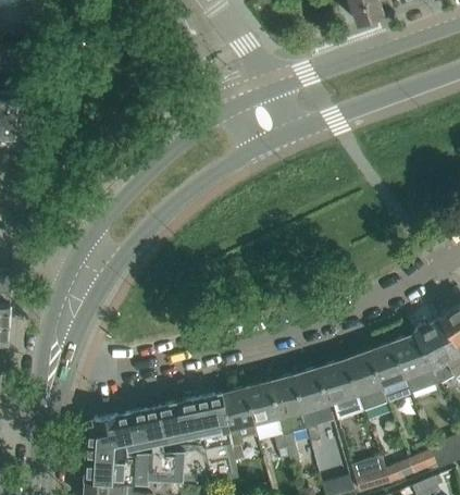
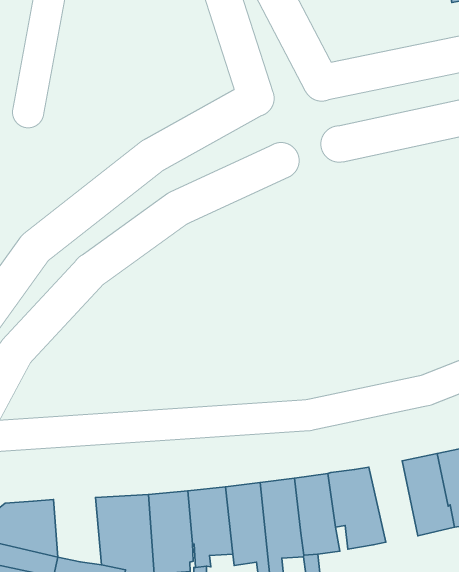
building: [345,351,386,410] -> none
building: [126,408,166,455] -> none

